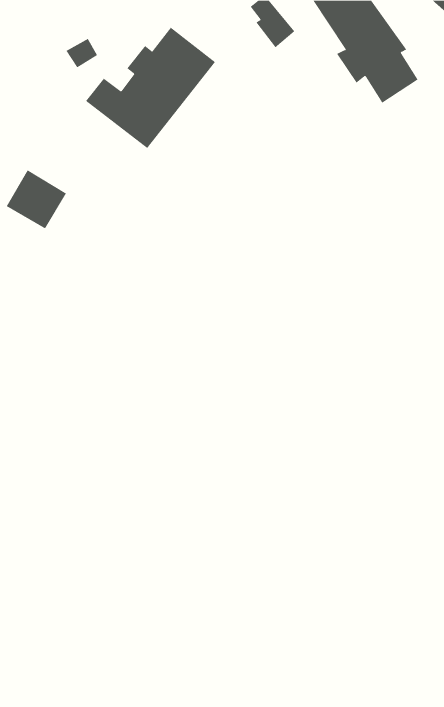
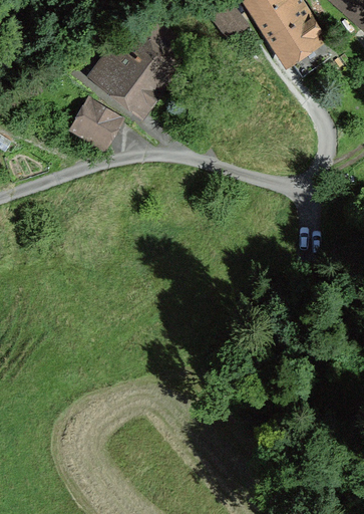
building: [6,169,67,229] -> [70,100,113,143]

